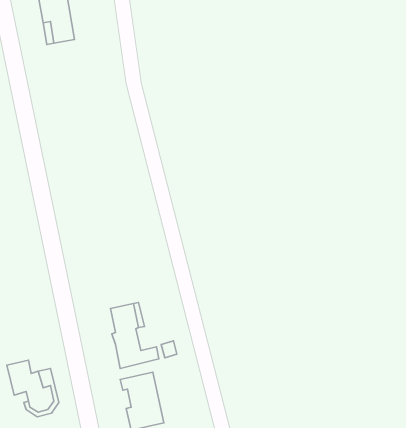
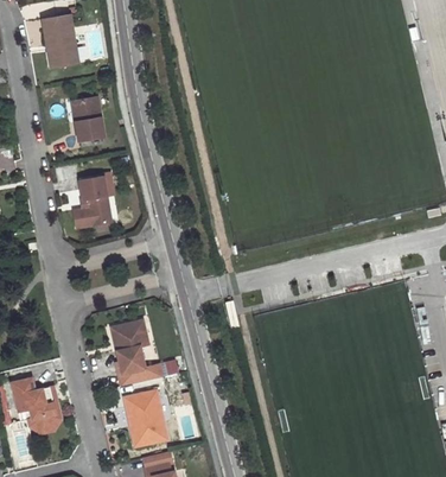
building: none -> [76,97,106,141]
building: none -> [74,177,112,229]

